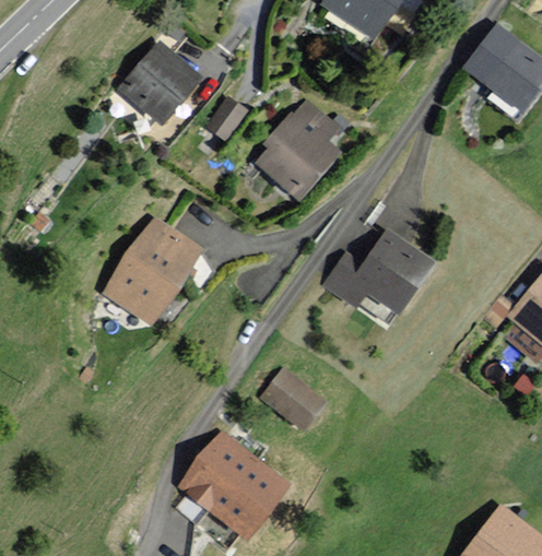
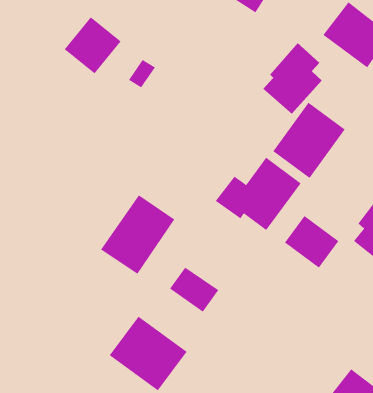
building: [259,100,338,196] -> [263,42,323,115]
building: none -> [272,102,345,179]
building: [103,217,201,322] -> [100,194,175,274]
building: none -> [284,215,339,268]

